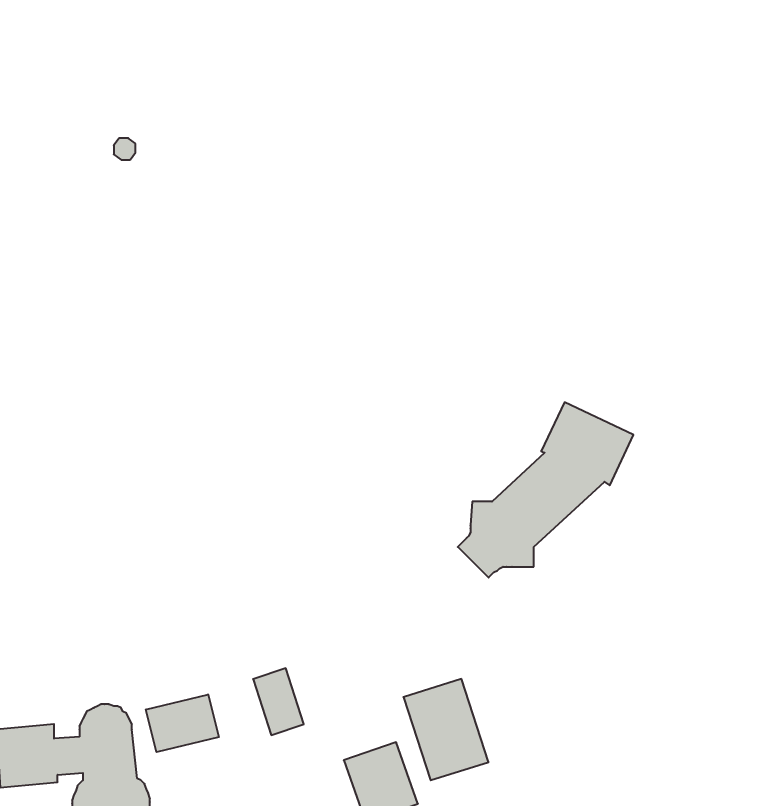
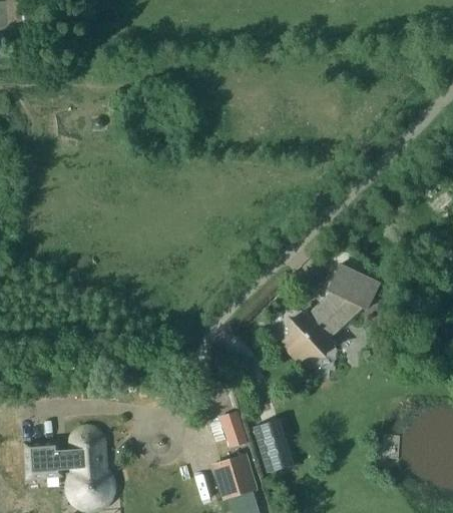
building: [253,668,304,735] -> [217,410,246,447]
building: [146,694,219,752] -> none

